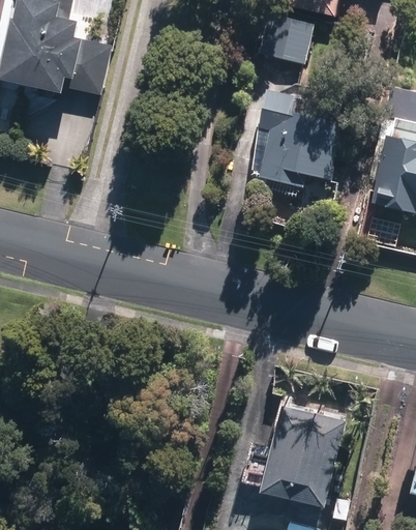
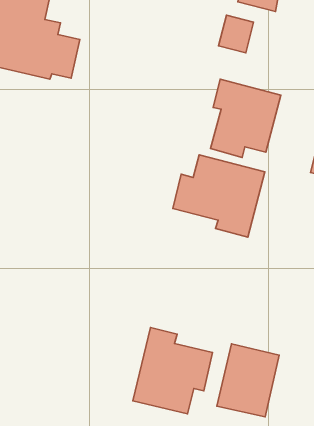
building: none -> [173,155,265,237]
building: none -> [133,327,212,414]

